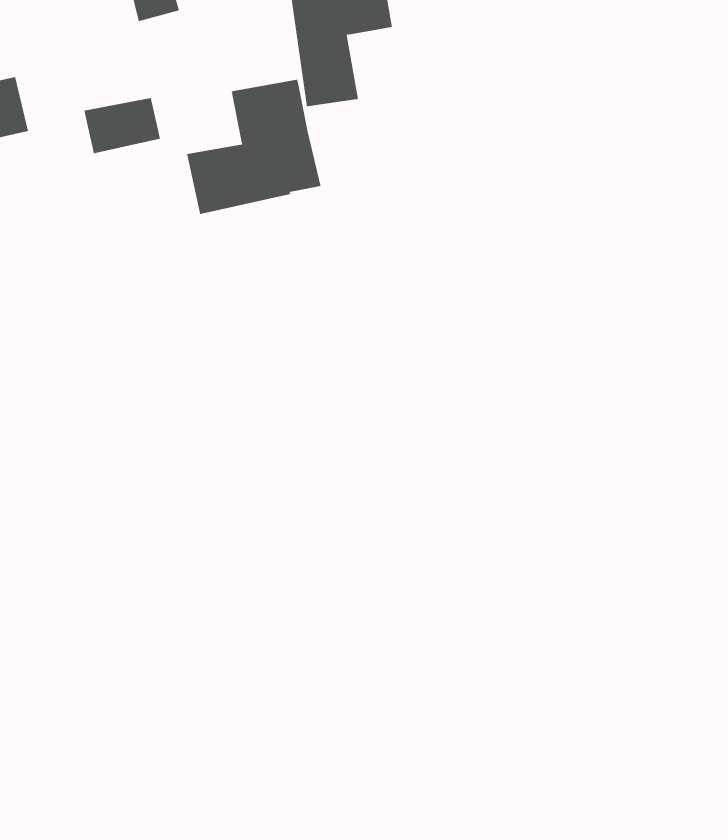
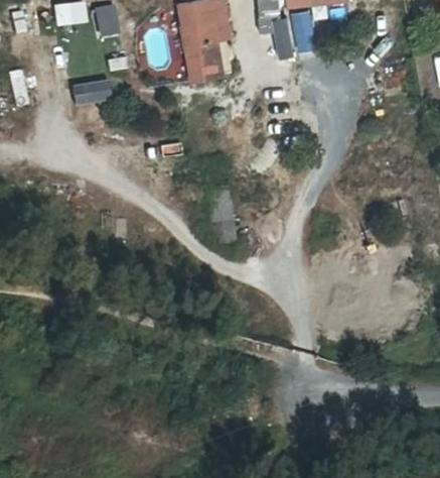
building: [186,79,321,215] -> none

